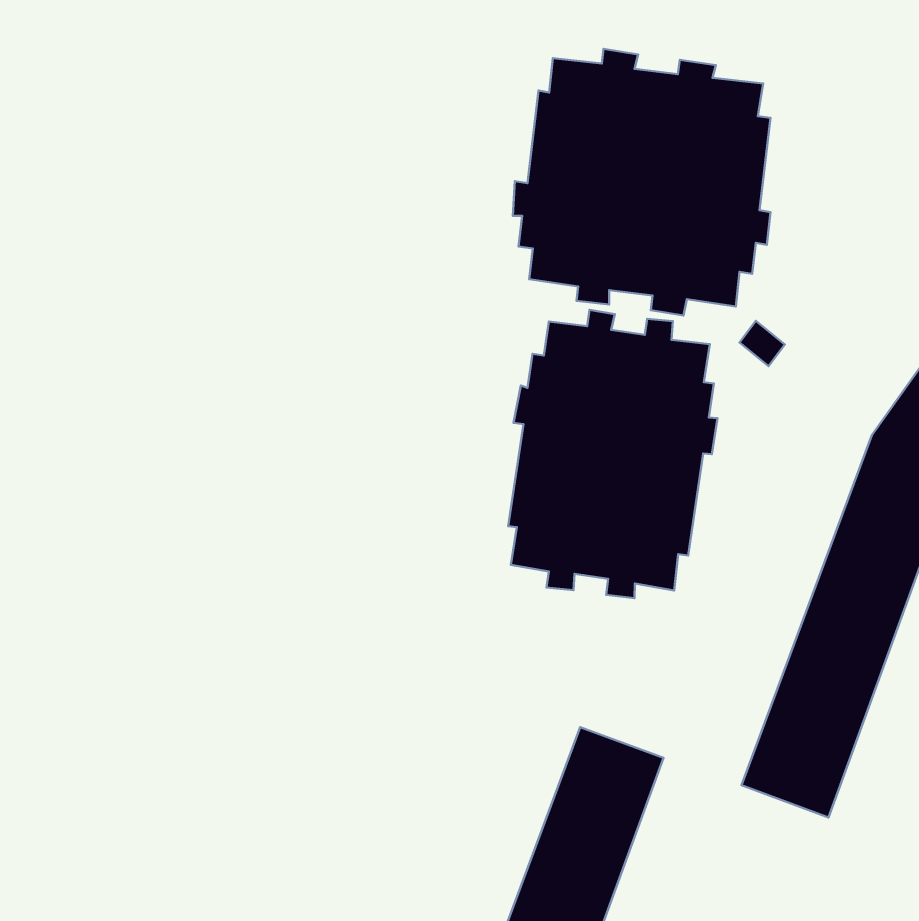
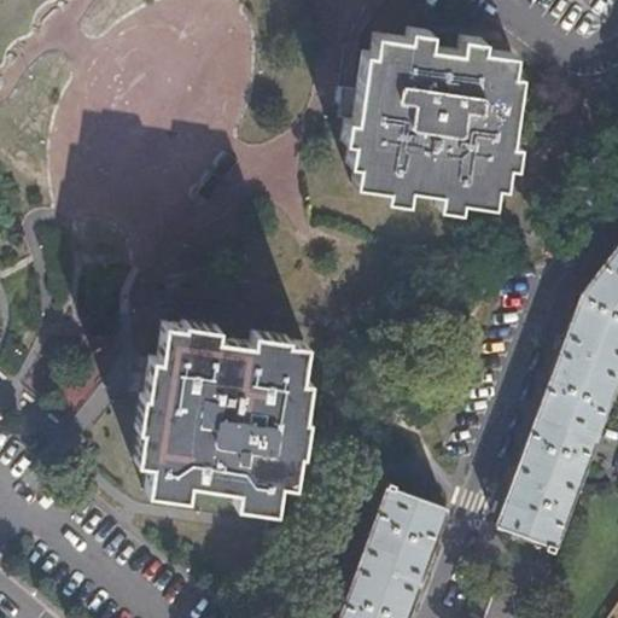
building: [508,310,717,598] -> none
building: none -> [139,327,309,513]

